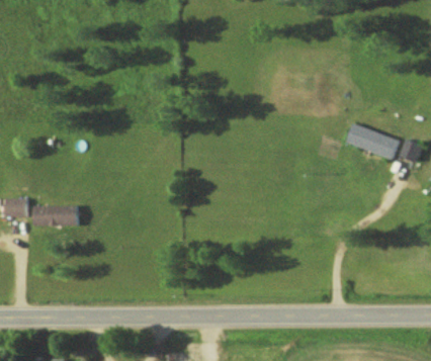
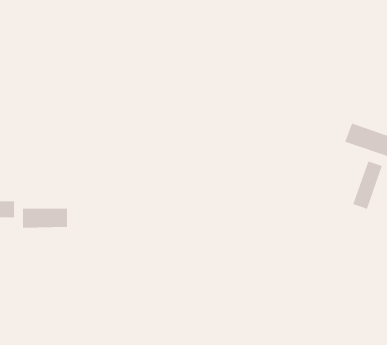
building: none -> [352,160,383,210]

